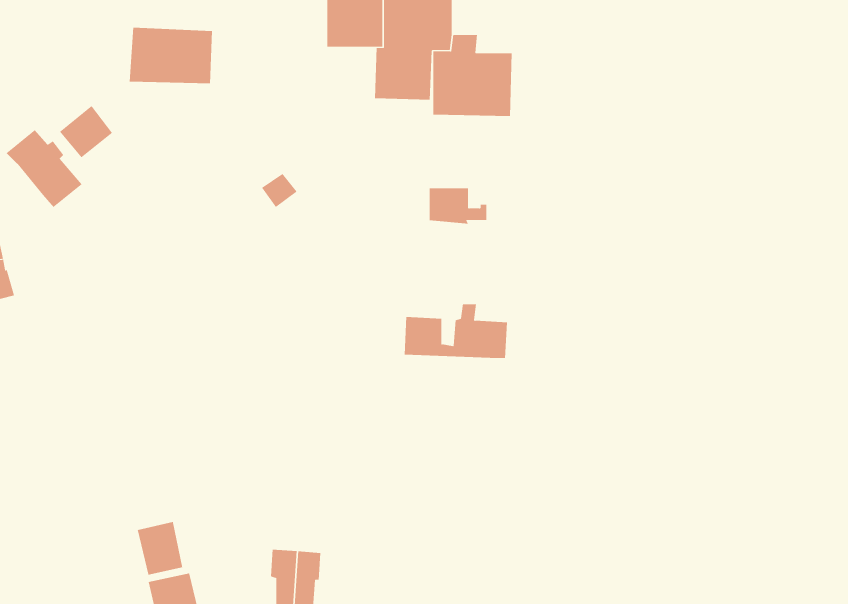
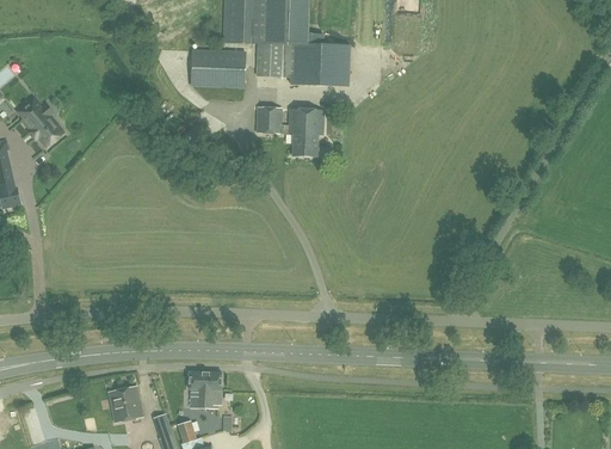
building: [129,27,213,84] -> [190,49,245,86]
building: [59,105,113,158] -> none
building: [404,304,508,359] -> [255,98,323,134]
building: [137,521,183,575] -> none

